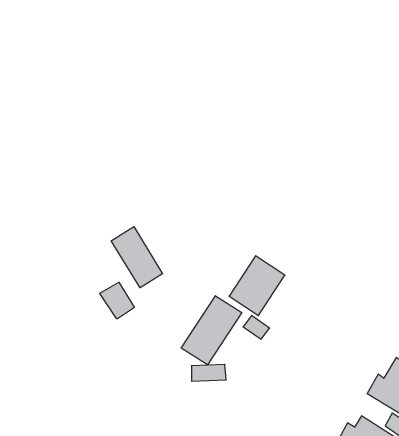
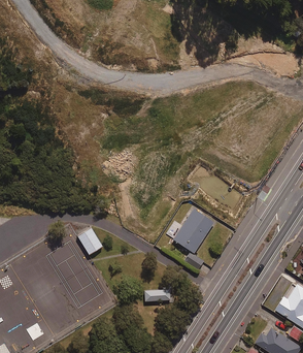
building: [111,227,163,288] -> none
building: [181,296,242,365] -> none

